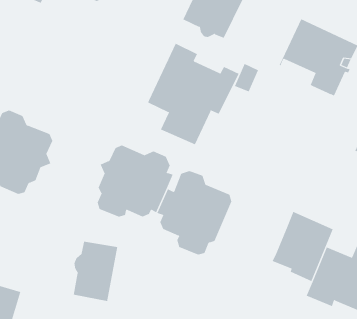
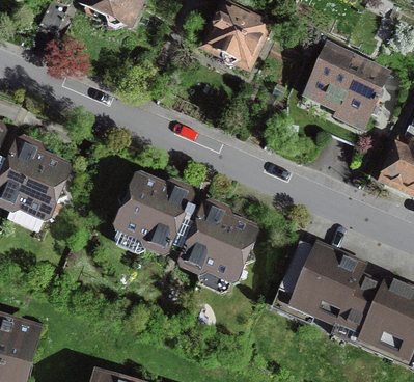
building: [140,43,240,145] -> none
building: none -> [273,236,321,319]
building: [73,241,118,302] -> none

